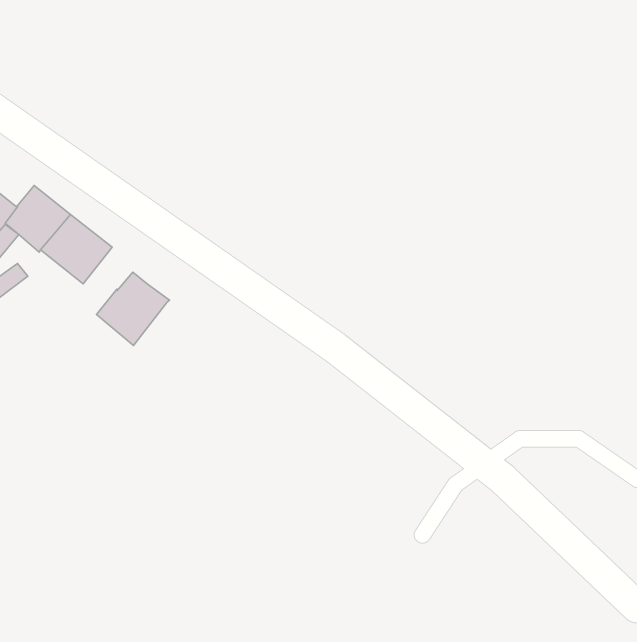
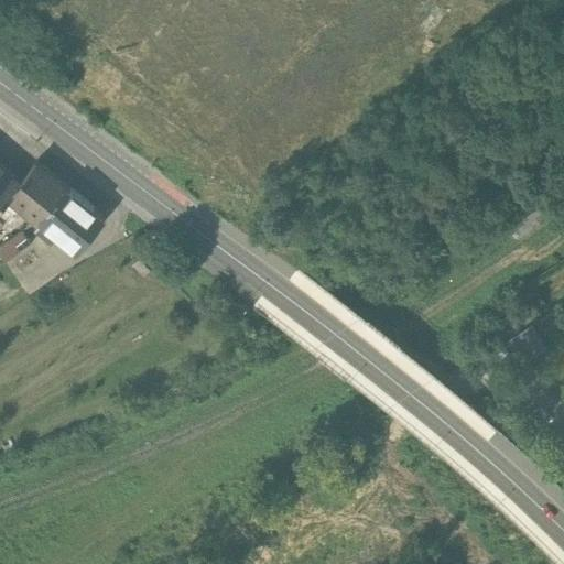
building: [97,272,169,346] -> none

